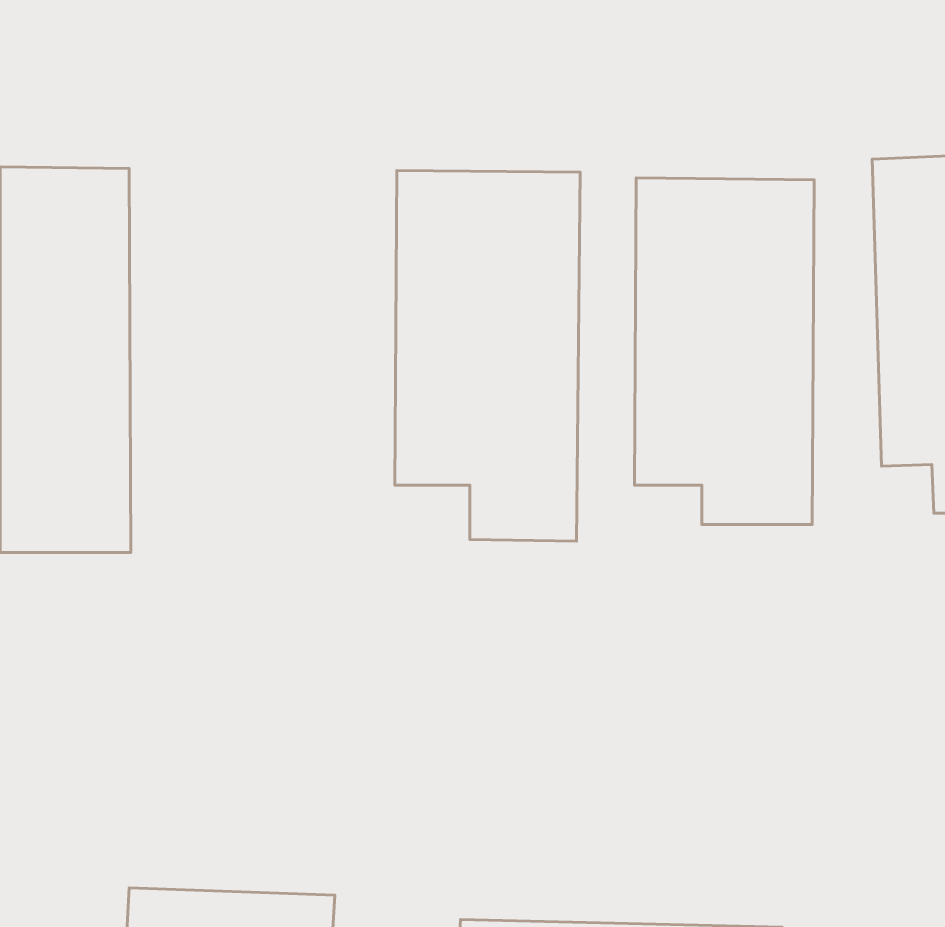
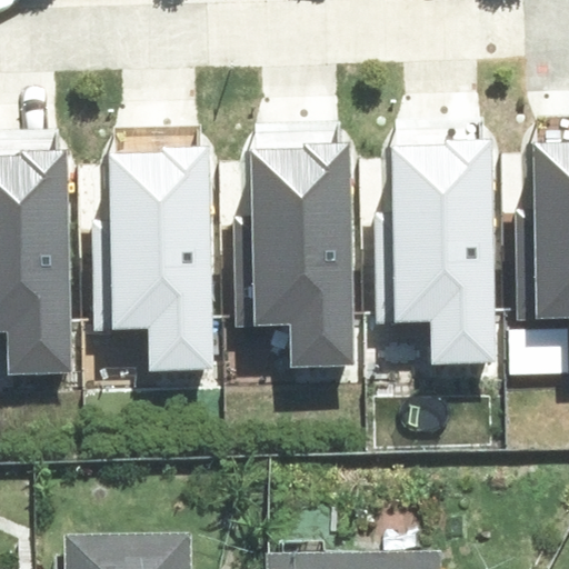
building: none -> [101,129,224,349]

